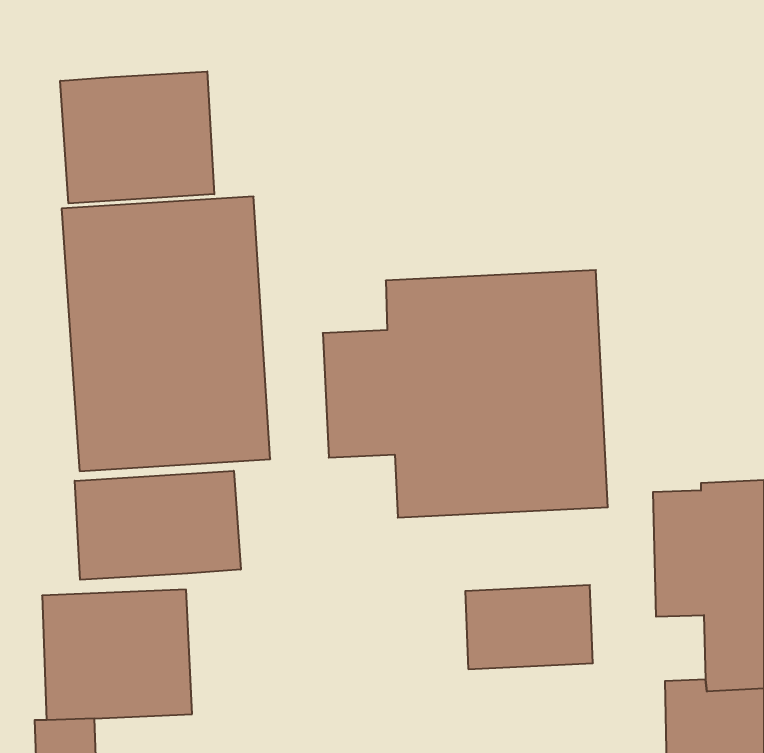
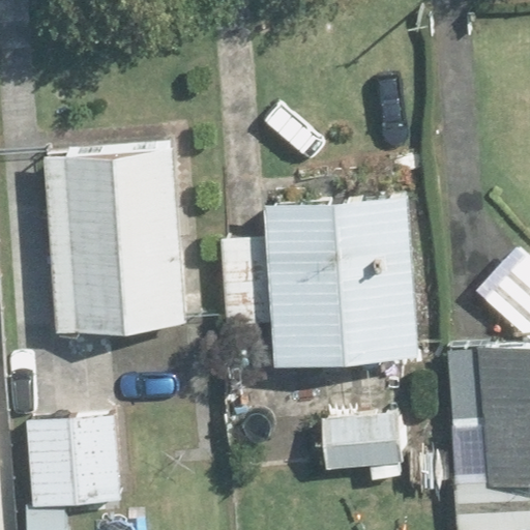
building: [60,71,214,203] -> none
building: [75,471,241,580] -> none

